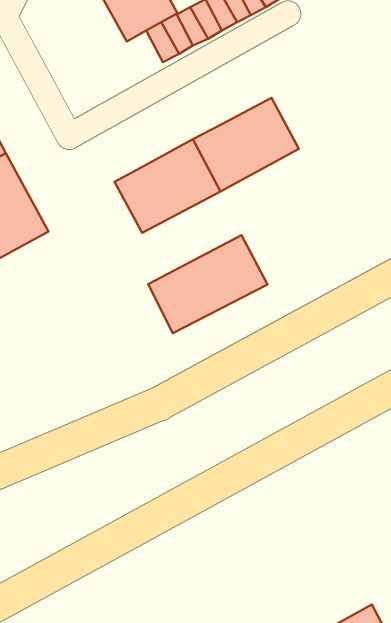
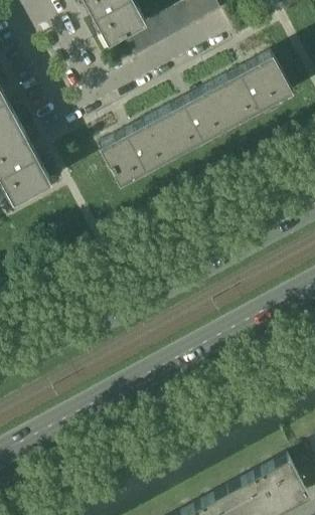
building: none -> [212,53,291,122]
building: [148,235,268,333] -> none

